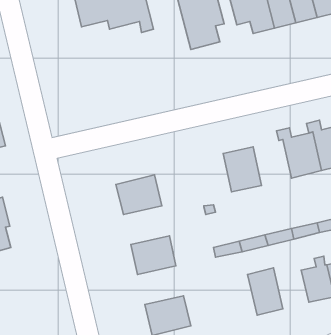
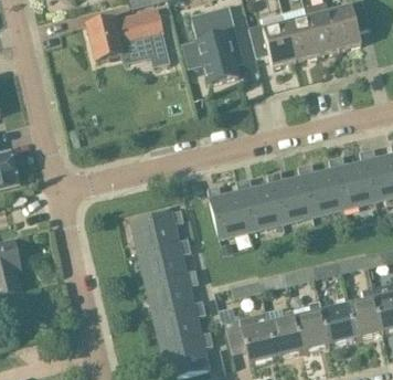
building: none -> [273,176,312,223]
building: none -> [210,190,251,238]
building: none -> [139,244,187,284]
building: none -> [294,300,330,350]
building: none -> [153,306,201,346]
building: none -> [225,312,277,363]

